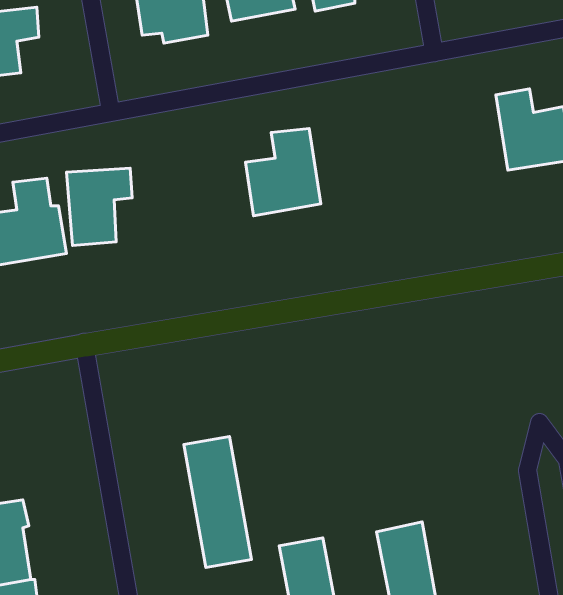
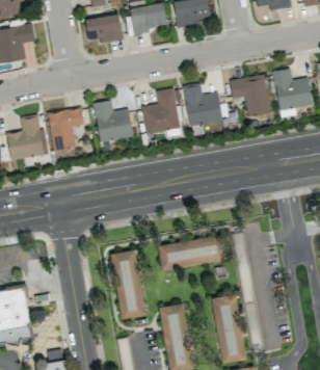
building: none -> [231,75,269,115]
building: none -> [184,83,222,126]
building: none -> [94,100,133,142]
building: none -> [158,233,226,269]

